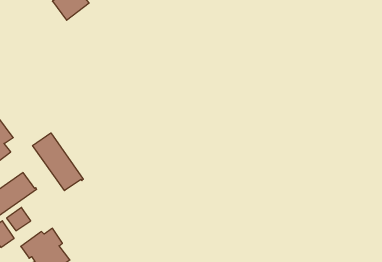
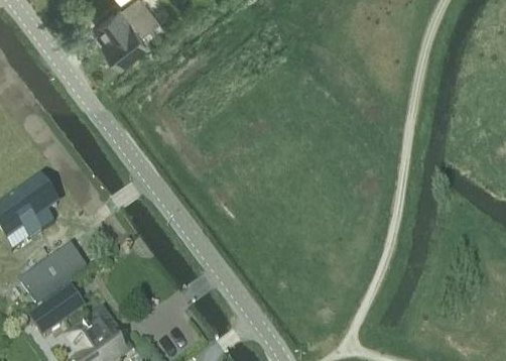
building: [33,133,83,191] -> none

